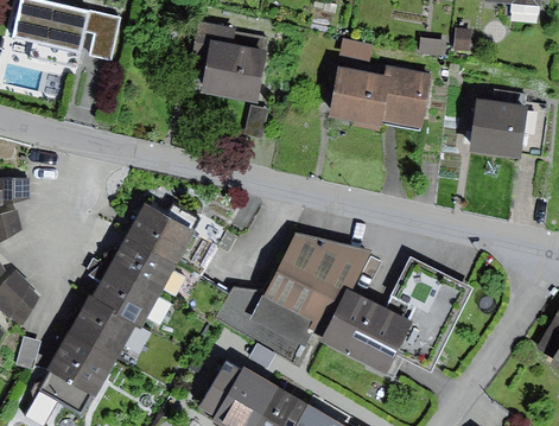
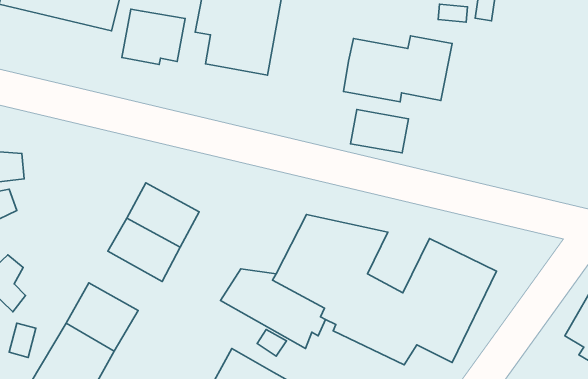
building: none -> [122,9,185,65]
building: [469,88,531,159] -> none
building: none -> [350,110,408,153]
building: [90,268,159,326] -> none

